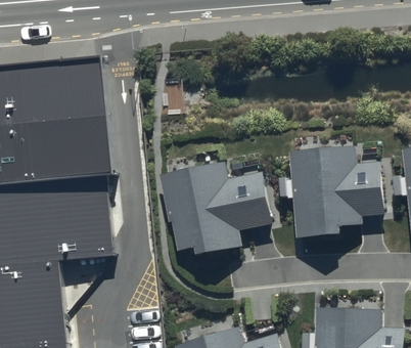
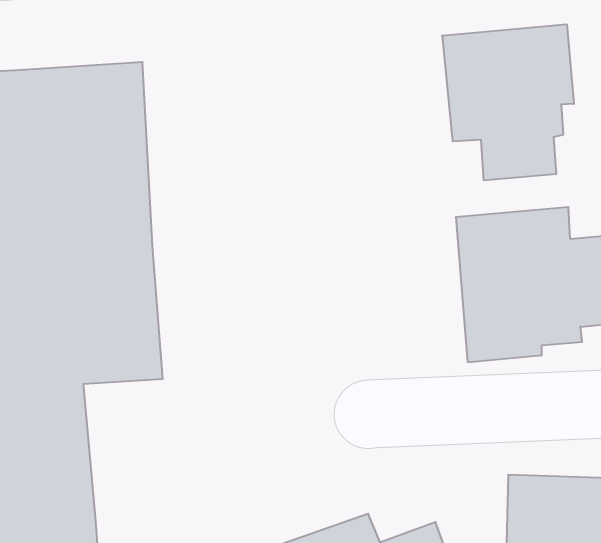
building: none -> [442,24,574,180]
building: [158,161,273,255] -> none

